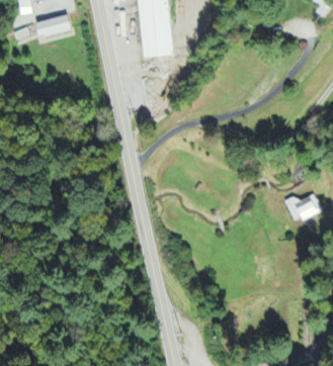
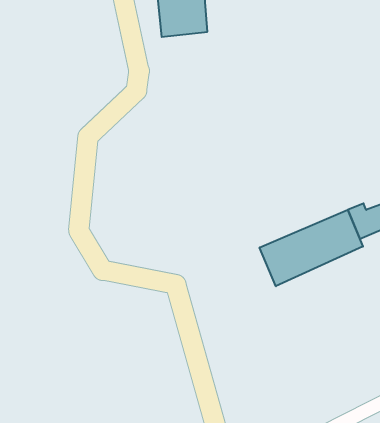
building: none -> [260,210,363,286]

